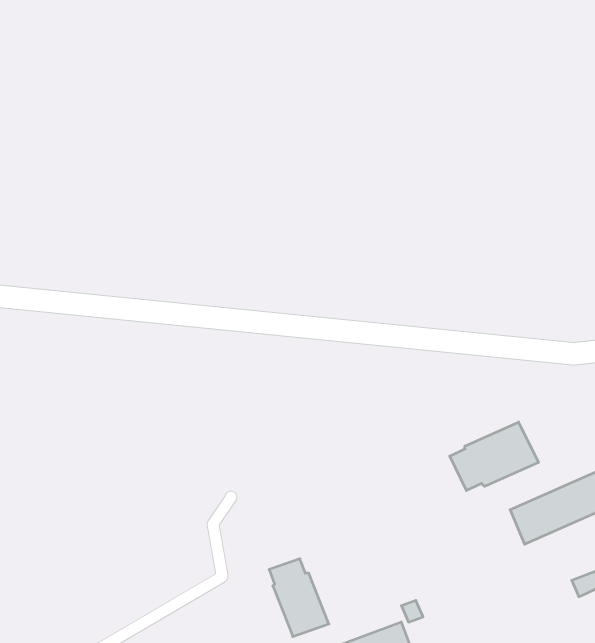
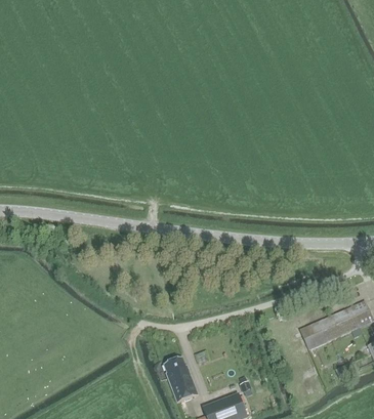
building: [450,422,538,491] -> none

